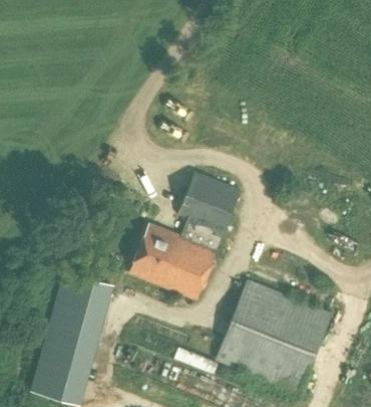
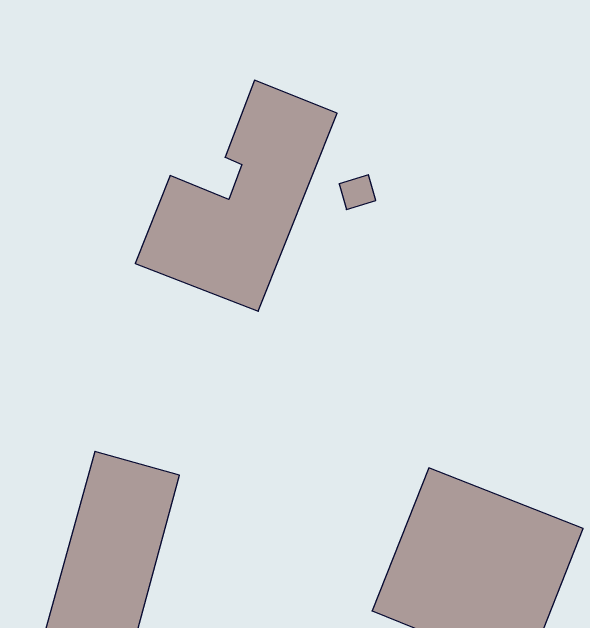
building: [130,172,241,298] -> [135,80,337,311]

